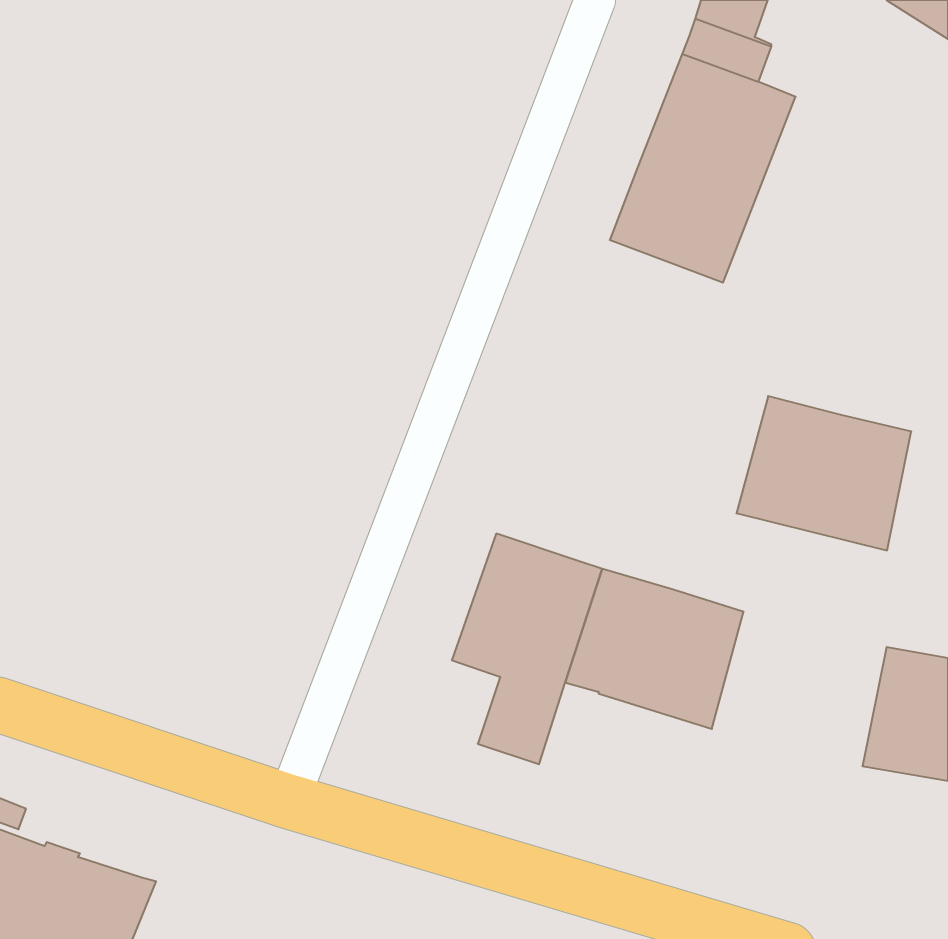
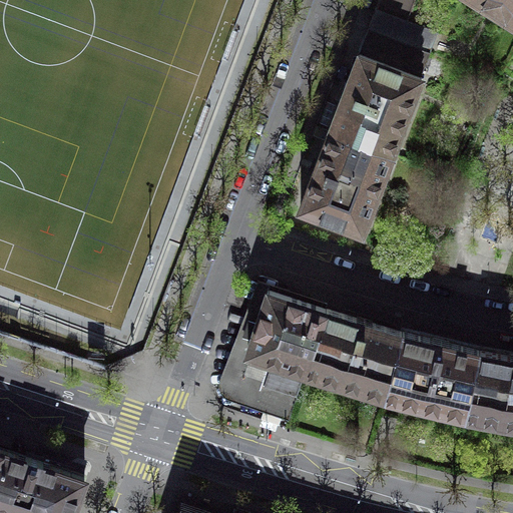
building: none -> [300,135,390,235]
building: [736,396,911,550] -> [384,336,478,419]
building: none -> [219,290,291,425]

